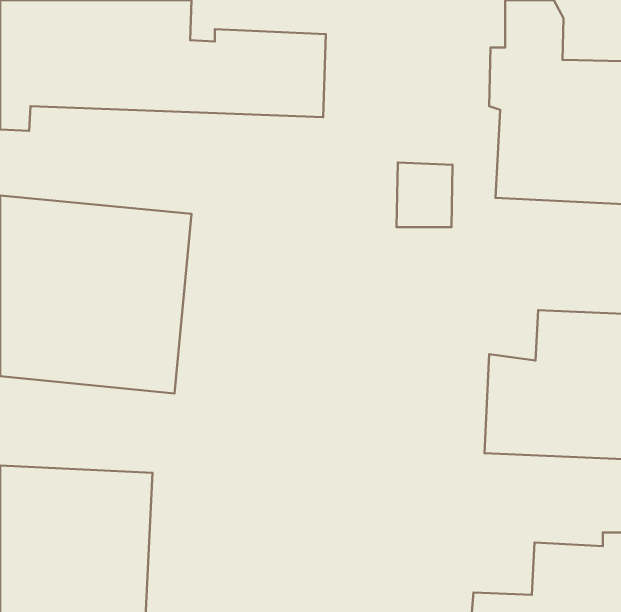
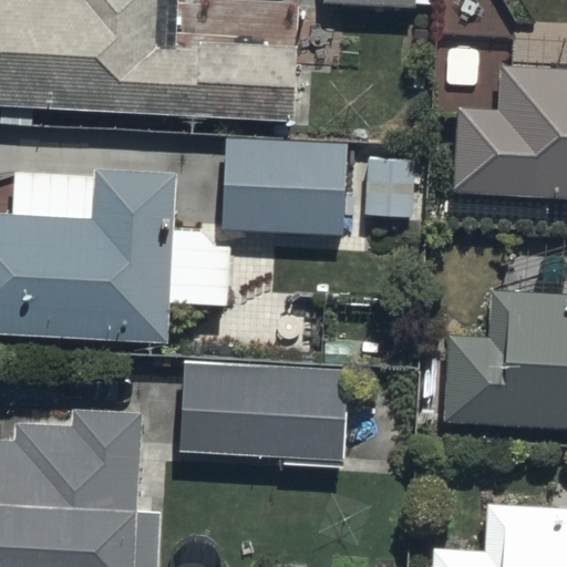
building: none -> [221,140,346,233]
building: none -> [182,302,343,465]

